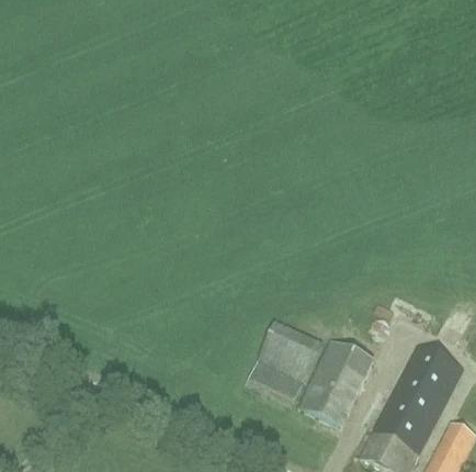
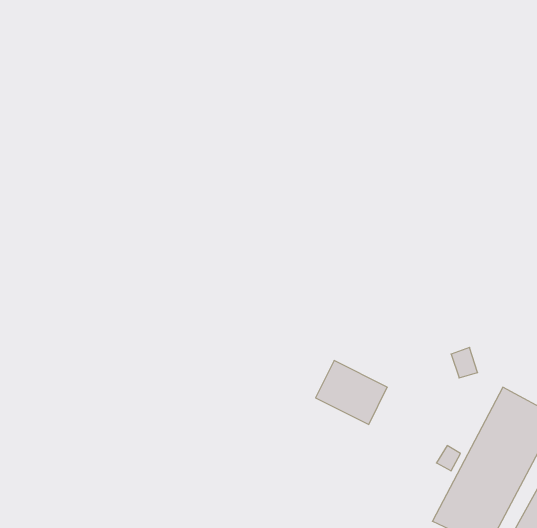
building: [299,339,374,427] -> none

